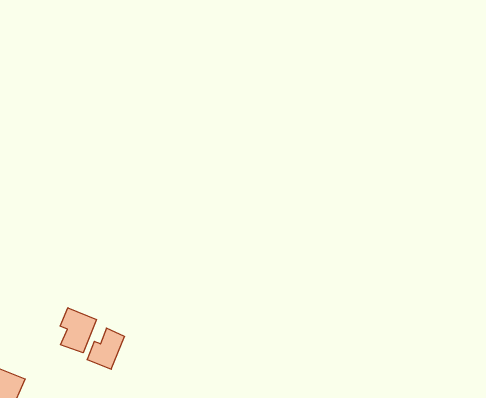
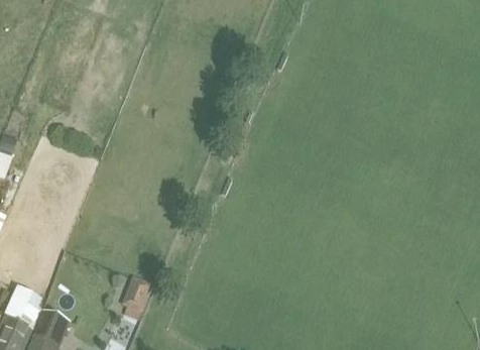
building: [60,308,97,353] -> none

